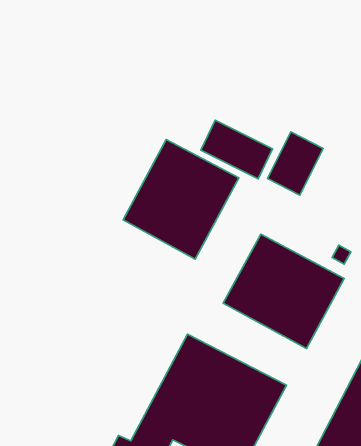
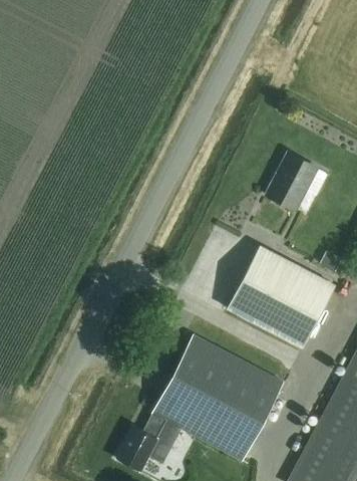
building: [201,120,273,179] -> none
building: [123,139,239,259] -> none

